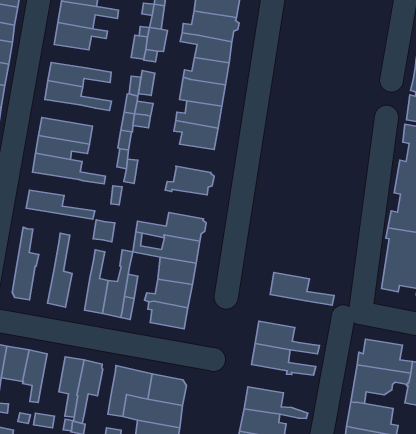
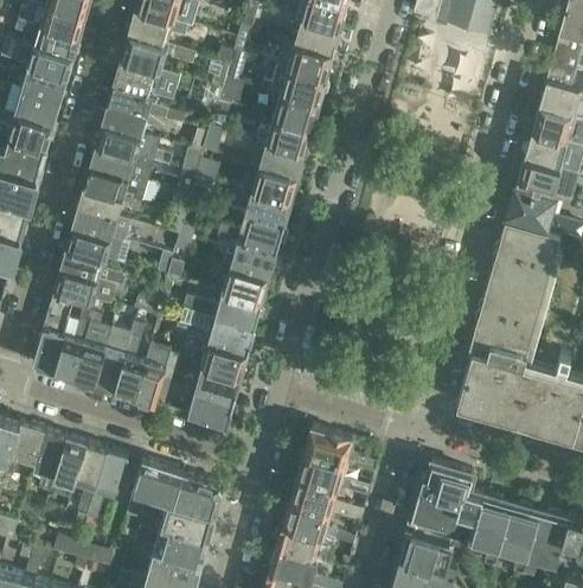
building: none -> [108,85,186,127]
building: none -> [90,147,153,184]
building: none -> [217,216,286,253]
building: none -> [66,229,129,266]
building: none -> [216,267,271,305]
building: none -> [53,269,126,301]
building: none -> [52,308,94,381]
building: none -> [92,332,130,394]
building: [270,272,334,305] -> [290,478,364,523]
building: none -> [49,439,85,497]

